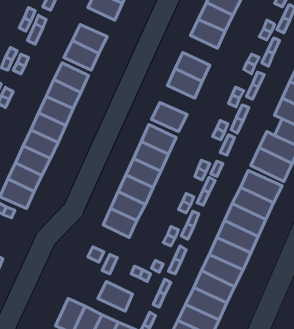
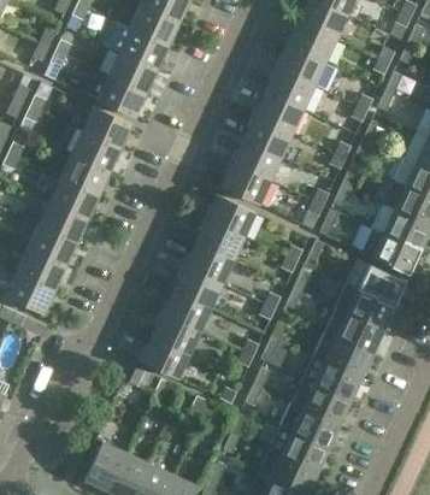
building: none -> [119,28,169,69]
building: none -> [265,67,314,110]
building: none -> [232,139,282,179]
building: [98,281,133,311] -> [140,336,189,378]

